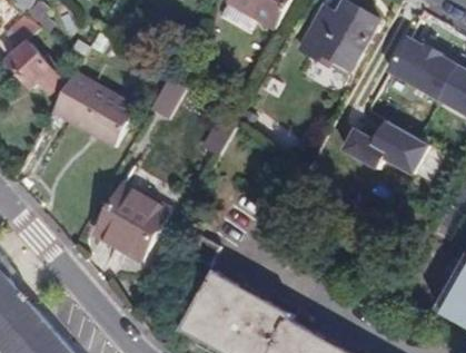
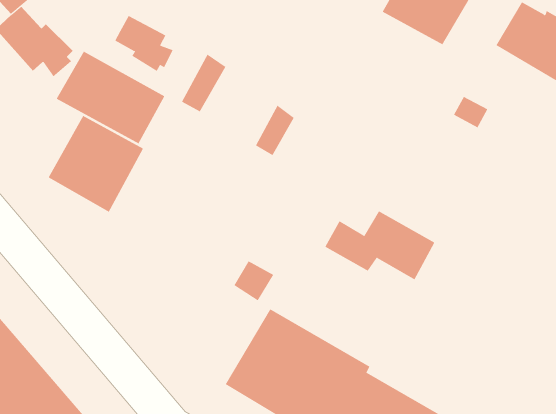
building: none -> [115,15,174,72]
building: [343,120,427,174] -> [325,210,435,280]
building: [95,186,168,261] -> [48,115,144,213]

